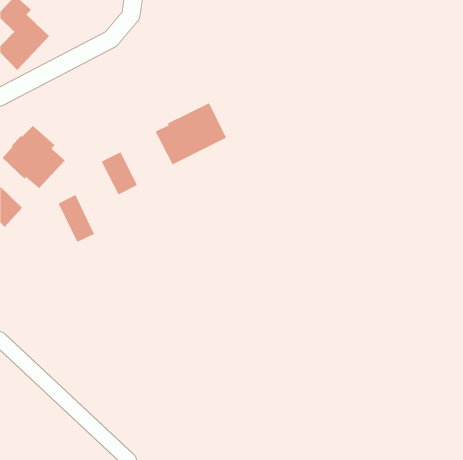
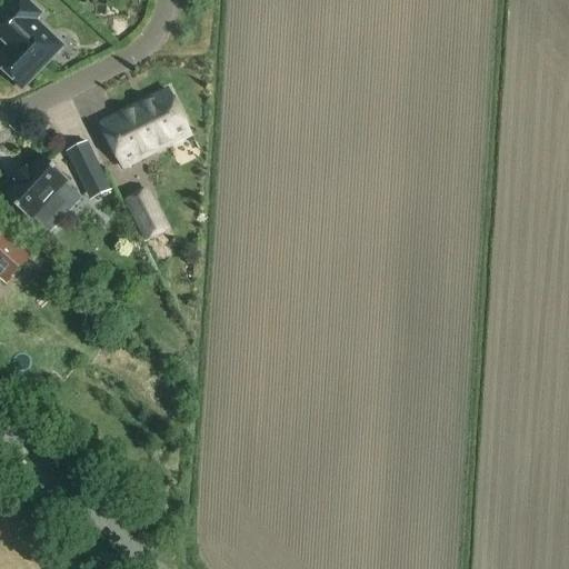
building: [155,103,227,165] -> [101,89,189,166]
building: [58,194,95,242] -> [66,139,111,198]

